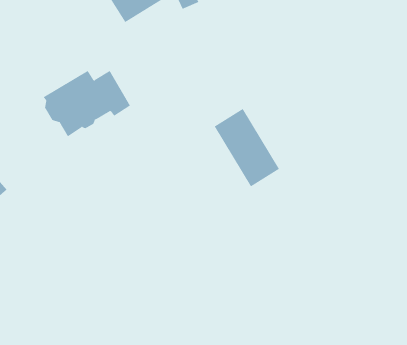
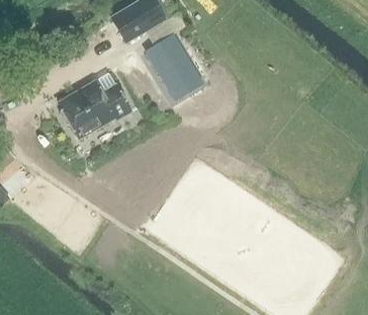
building: [214,108,280,187] -> [146,33,200,99]

